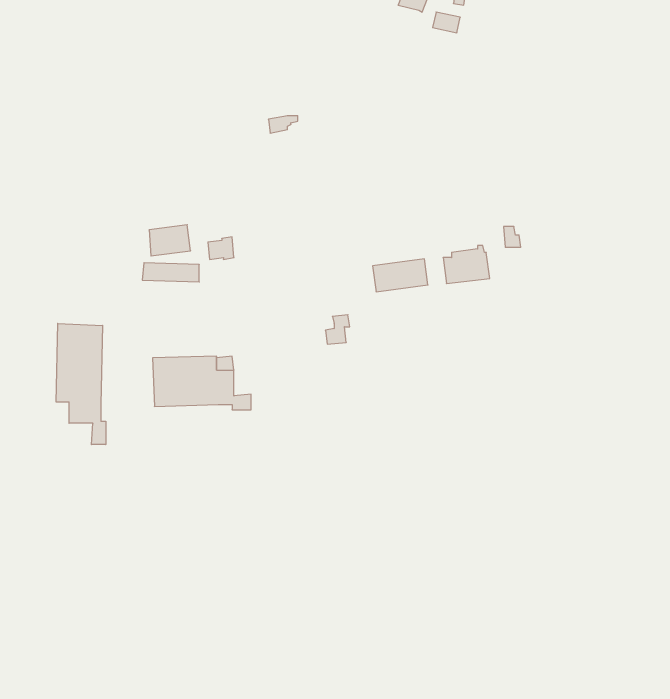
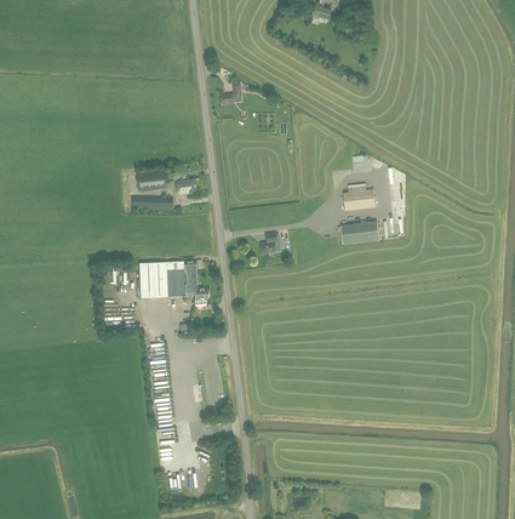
building: [373,259,428,292] -> [342,221,380,244]
building: [56,323,106,445] -> none

